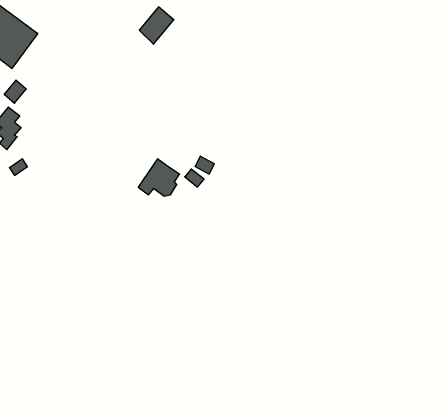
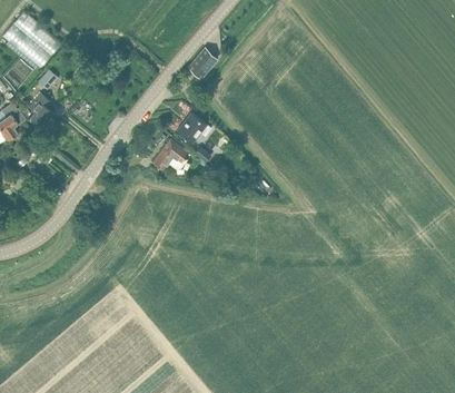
building: [139,7,174,44] -> [187,48,217,80]
building: none -> [175,114,210,144]

